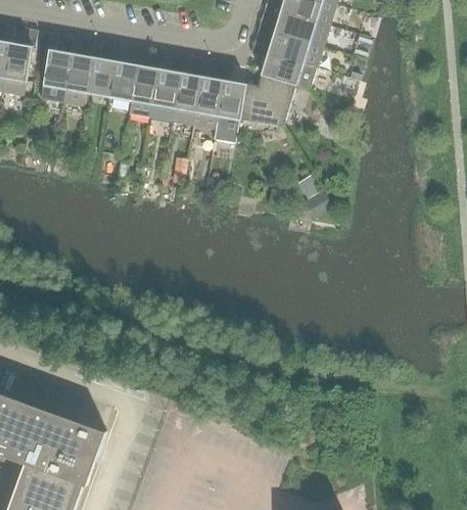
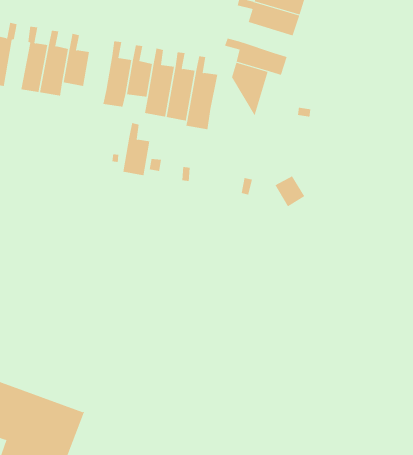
building: [255,25,321,65] -> none
building: [104,45,133,100] -> [123,122,150,176]
building: [236,84,281,128] -> none

